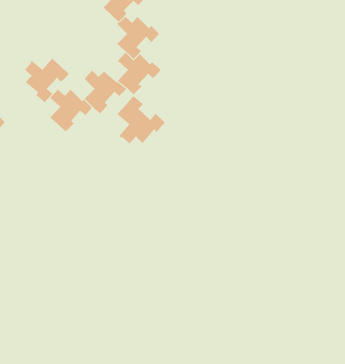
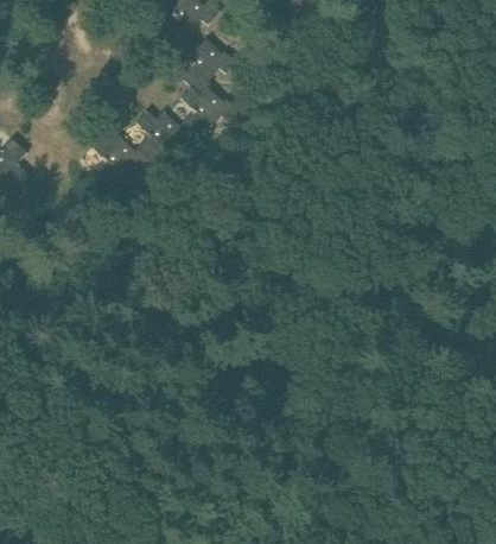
building: [24,58,70,103] -> none
building: [116,95,166,145] -> none

